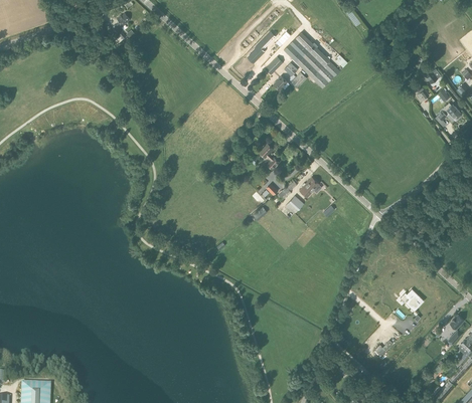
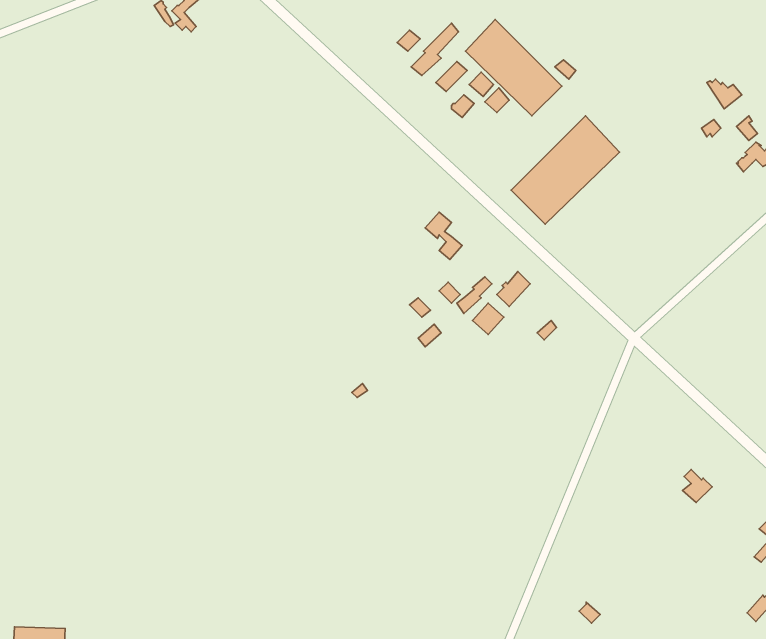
building: none -> [511,116,619,224]

